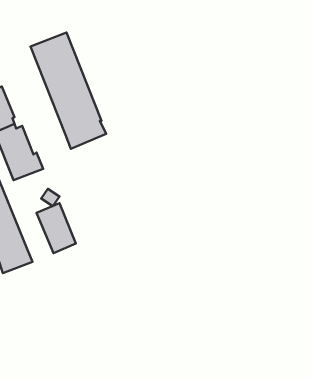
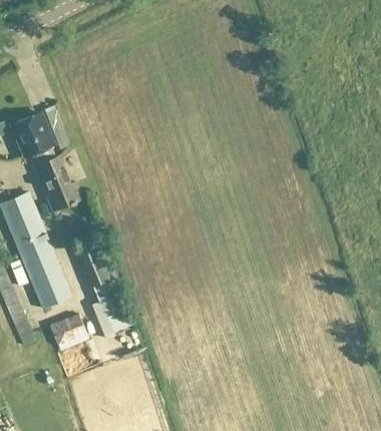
building: [30,32,106,149] -> none
building: none -> [50,313,88,346]

